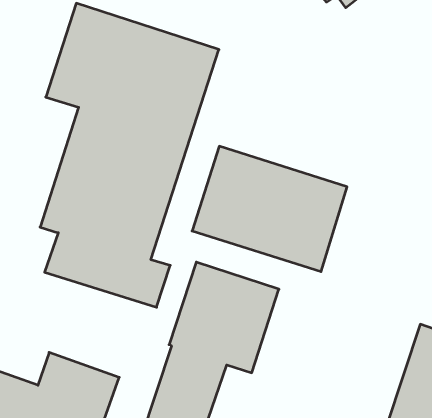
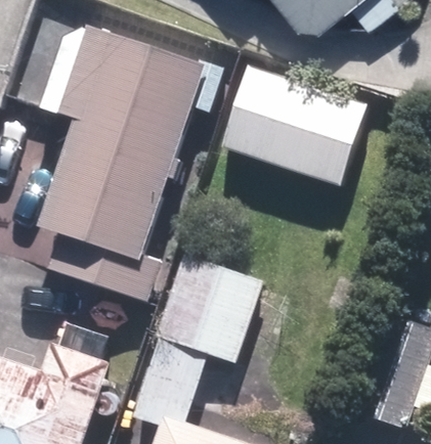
building: [192,146,347,272] -> [221,72,361,185]

